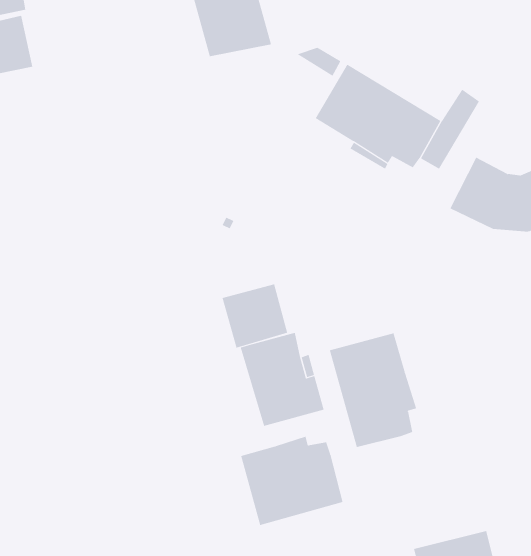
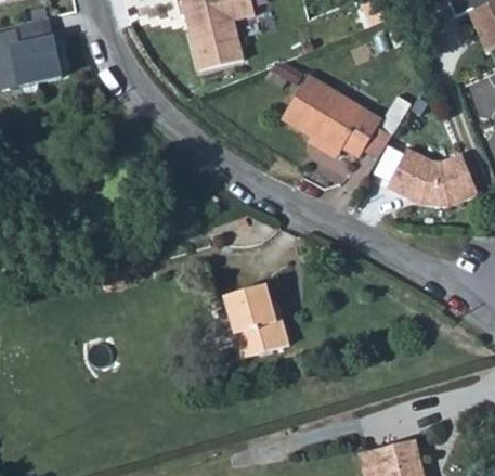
building: [222,284,288,348] -> none
building: [329,332,417,448] -> none
building: [241,436,343,526] -> none

